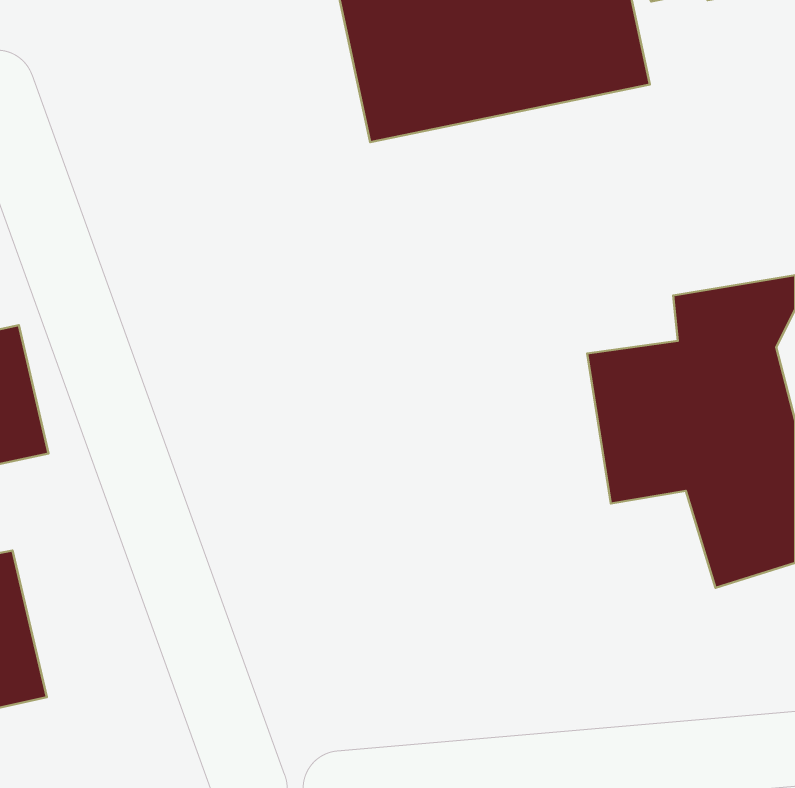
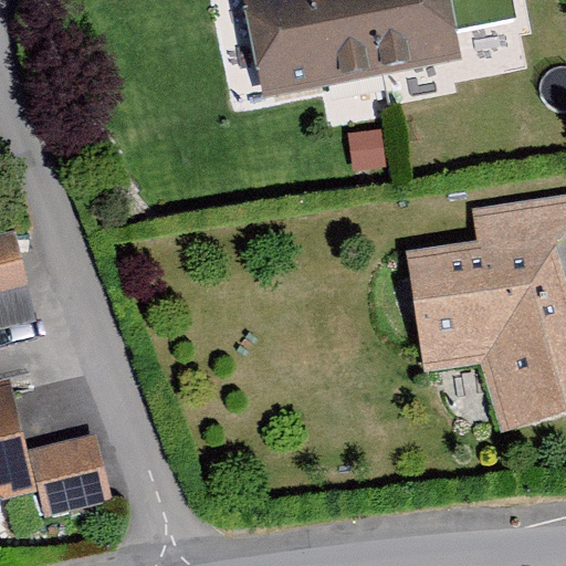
building: none -> [25,431,113,518]

